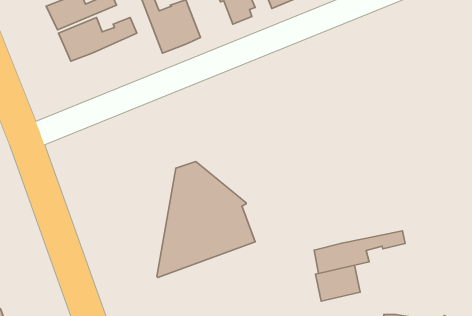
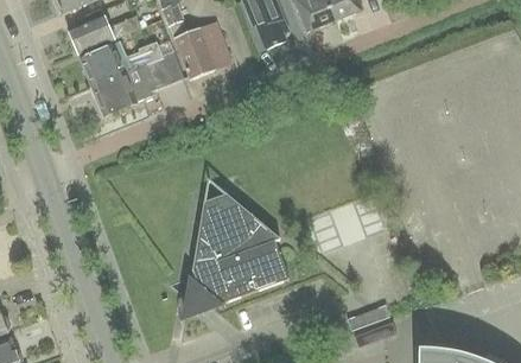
building: none -> [93,53,183,115]
building: [314,231,405,274] -> none

